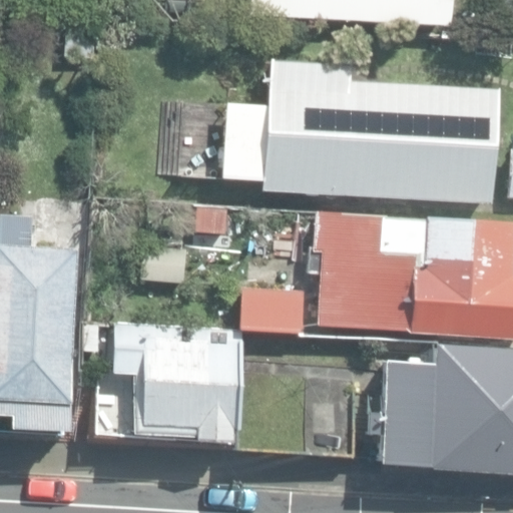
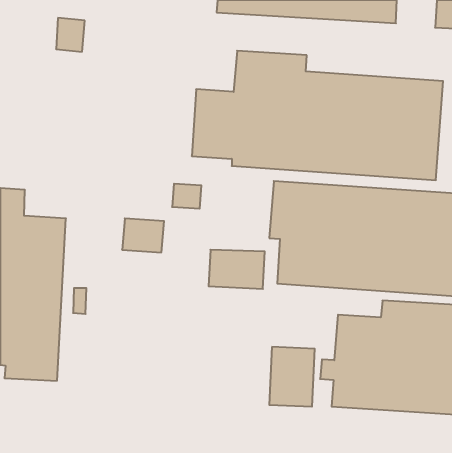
building: [112,328,239,448] -> none

